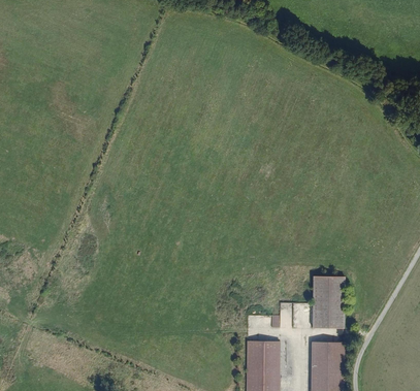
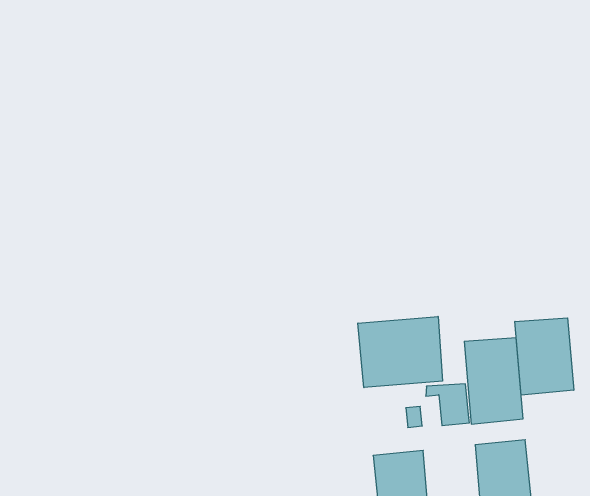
building: none -> [358,316,442,388]
building: none -> [515,318,574,395]

